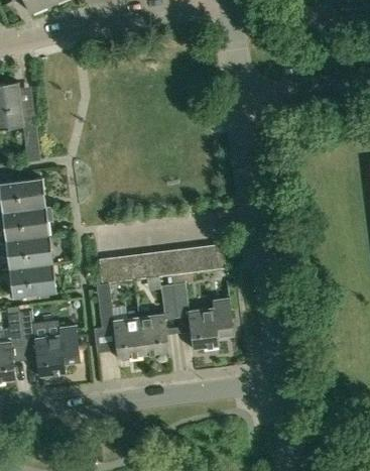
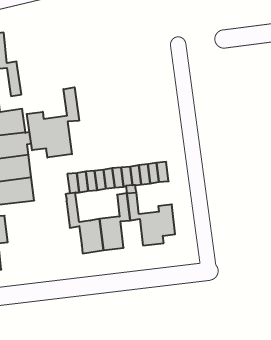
building: none -> [27,87,79,158]
building: [20,310,81,376] -> none

